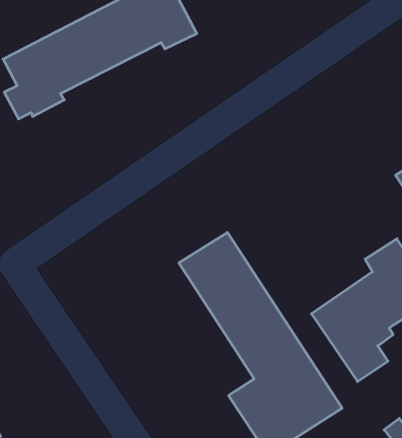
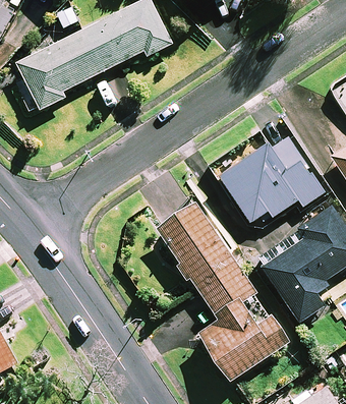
building: none -> [219,132,323,222]

